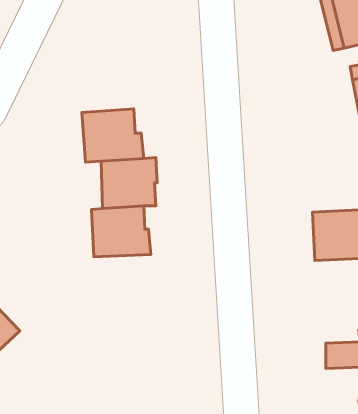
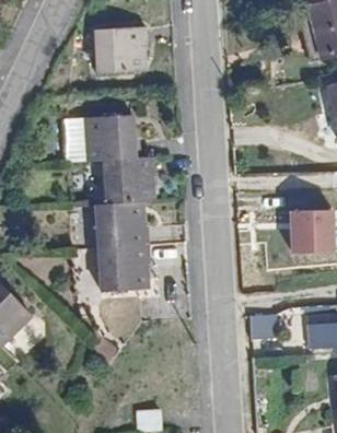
building: none -> [95,27,148,72]
building: none -> [96,245,150,293]

